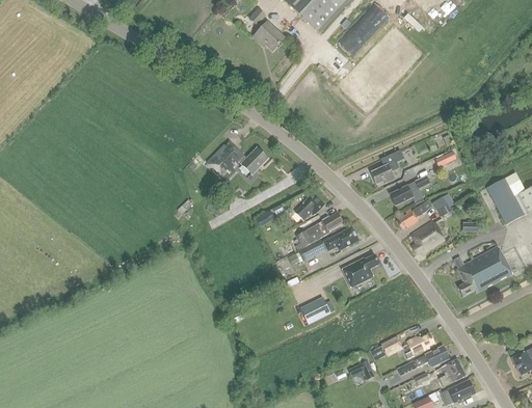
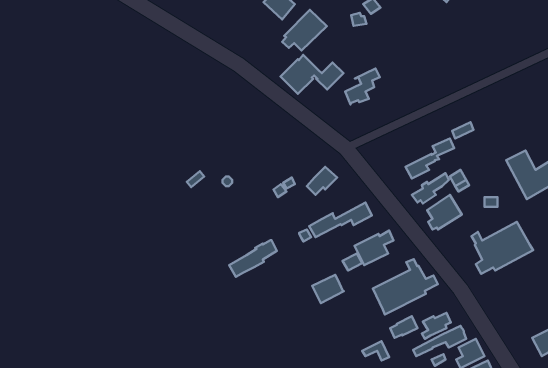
building: none -> [282,10,327,51]
building: [207,139,267,176] -> [281,55,343,94]
building: [371,148,404,183] -> [345,69,380,104]
building: [296,211,342,246] -> [229,240,277,277]
building: none -> [373,259,438,315]

